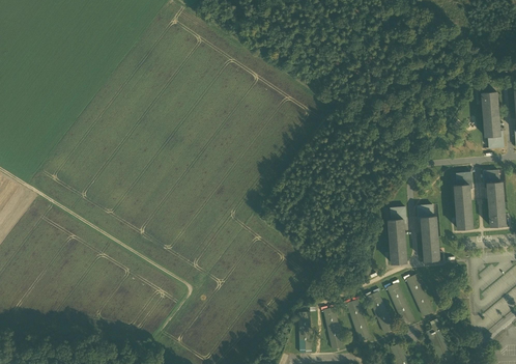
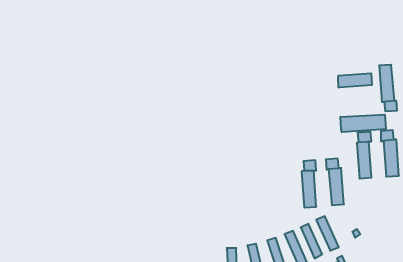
building: none -> [338,73,372,88]
building: none -> [341,115,386,132]

